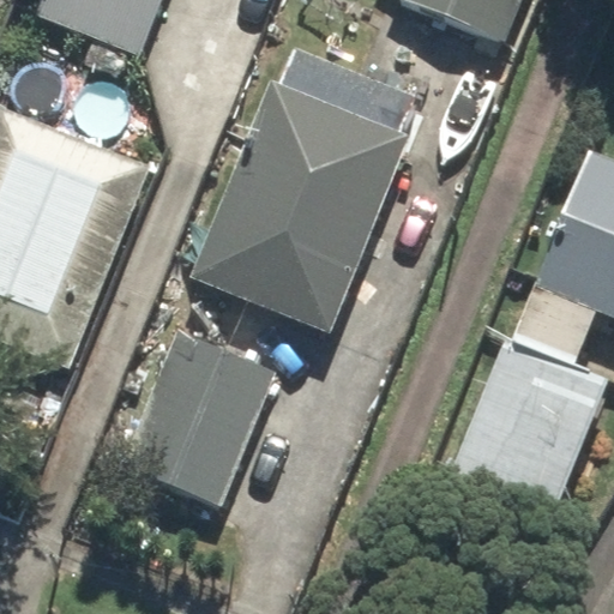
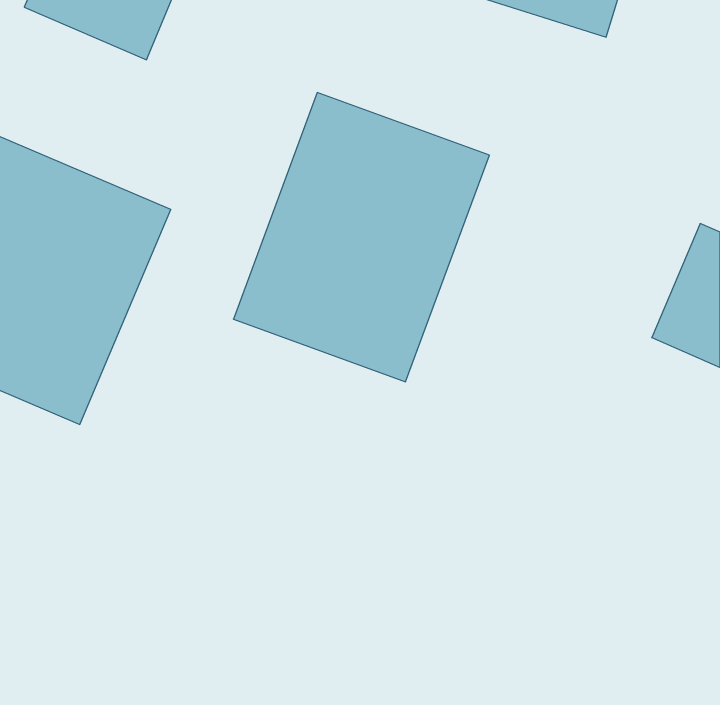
building: [132,317,266,494] -> none
building: [455,338,602,516] -> none

